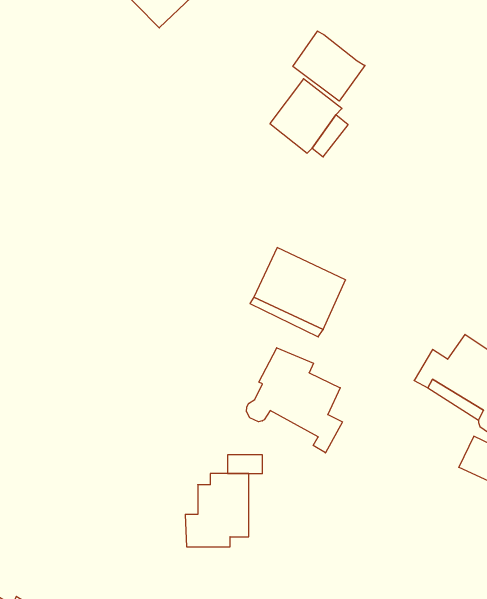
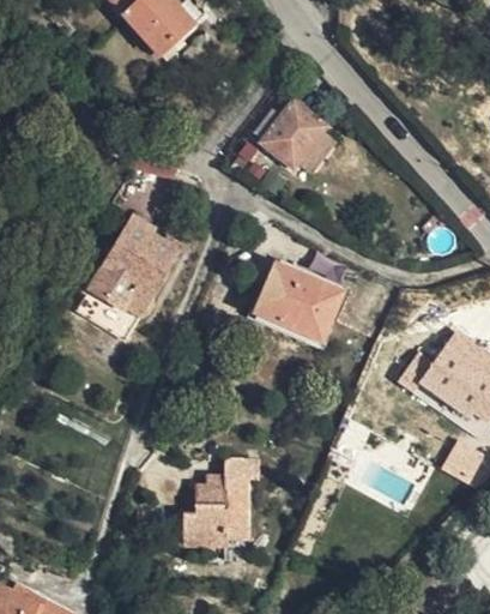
building: [293,31,365,101] -> none
building: none -> [90,215,179,311]
building: [246,348,342,453] -> none

